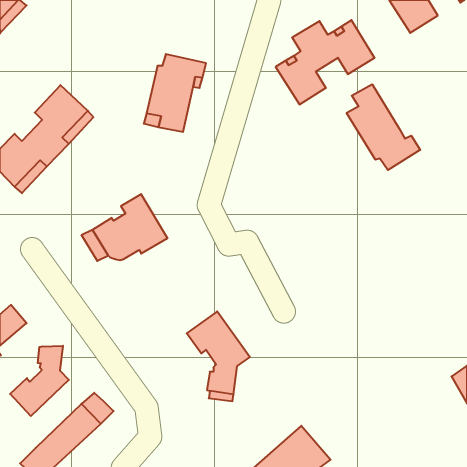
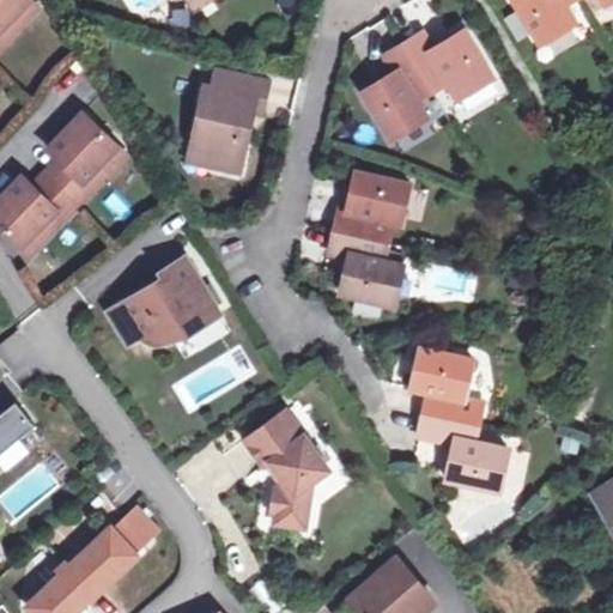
building: [347,84,420,170] -> none
building: none -> [324,170,408,309]
building: none -> [413,347,512,491]
building: [10,346,69,416] -> none

